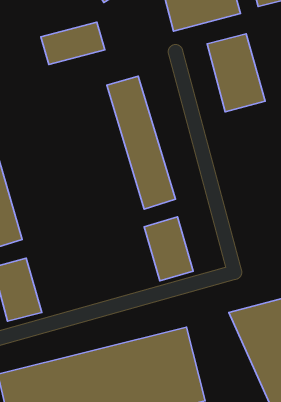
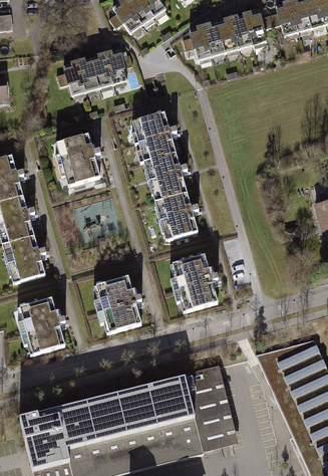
building: [207,34,265,112] -> none
building: none -> [51,130,102,194]
building: none -> [93,276,143,340]

